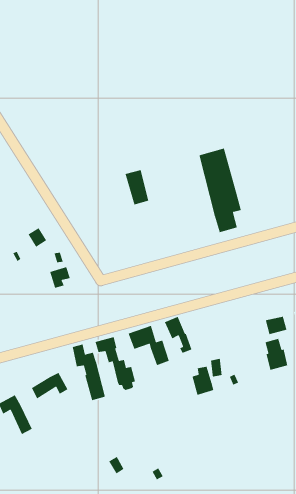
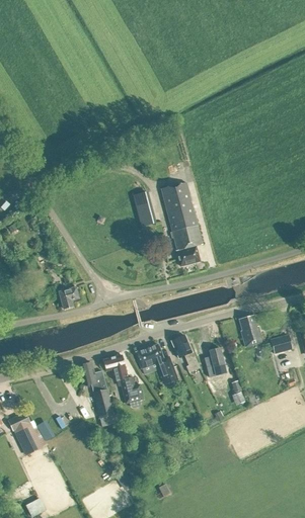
building: [199,147,242,233] -> [160,181,203,265]
building: [265,338,288,371] -> [239,315,262,347]
building: [192,366,214,396] -> [204,347,226,376]
building: [31,372,68,399] -> none

